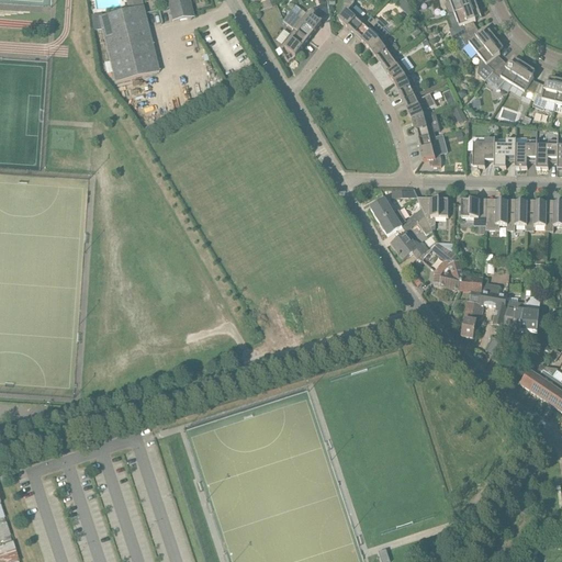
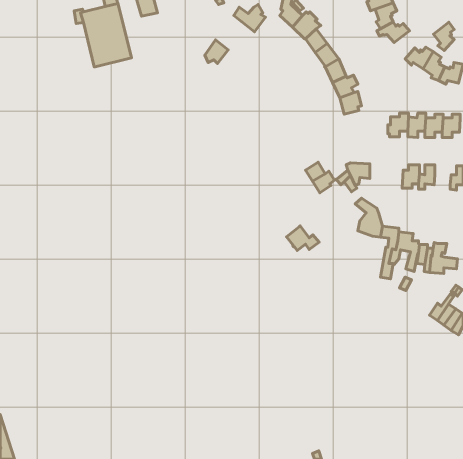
building: [280,26,308,55] -> [205,40,228,63]
building: [477,37,503,71] -> [433,22,454,50]
building: [417,134,441,165] -> none
building: [461,199,488,232] -> none
building: [526,201,547,229] -> none
building: [390,228,429,258] -> [286,226,319,250]

